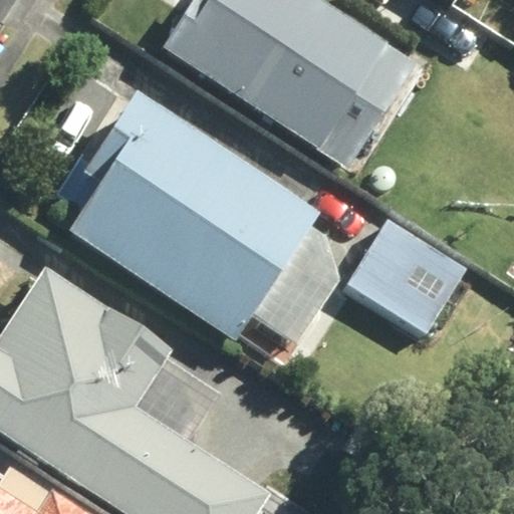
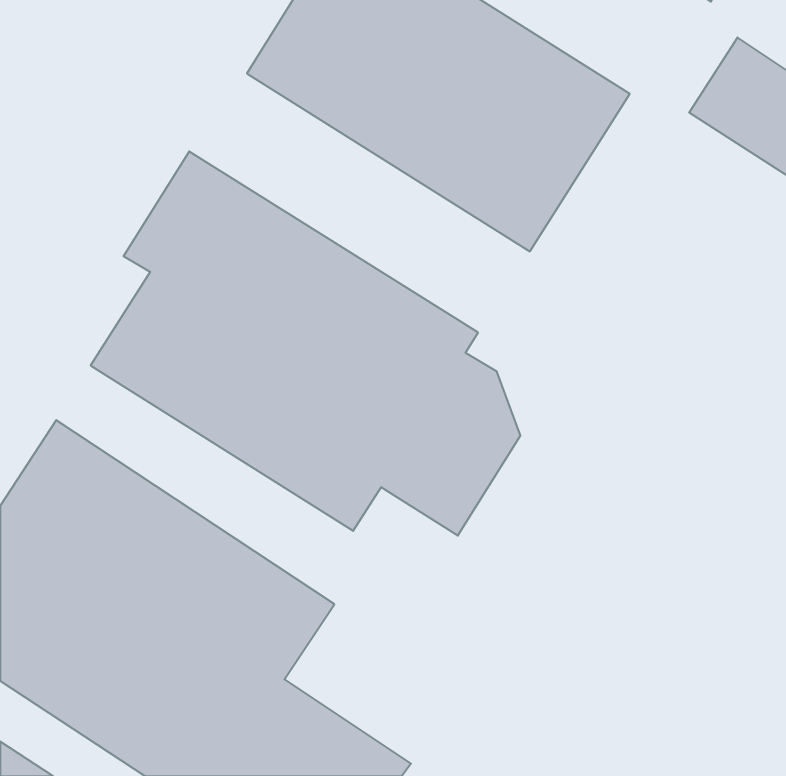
building: [351,214,466,325] -> none

